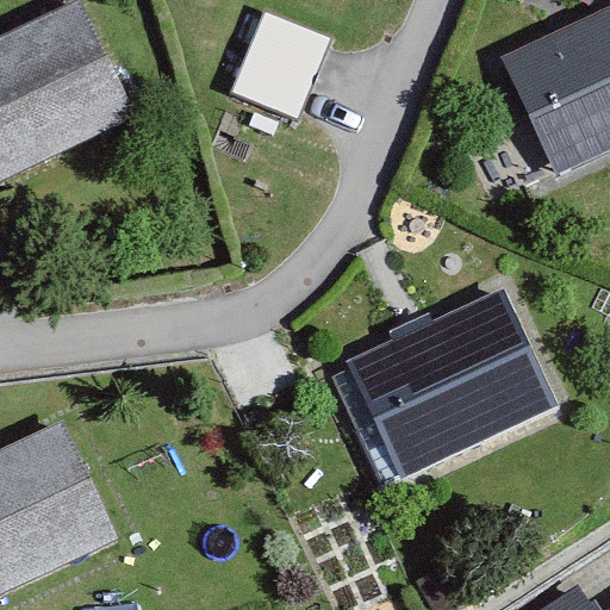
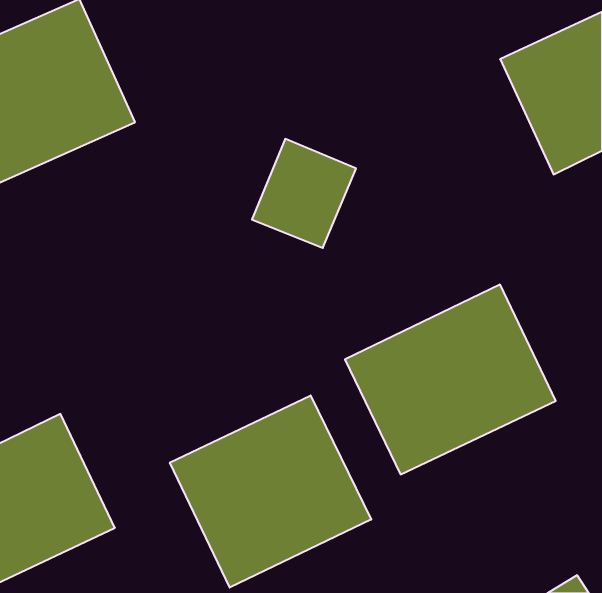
building: [225,10,330,119] -> [252,139,356,248]
building: none -> [170,395,371,588]

